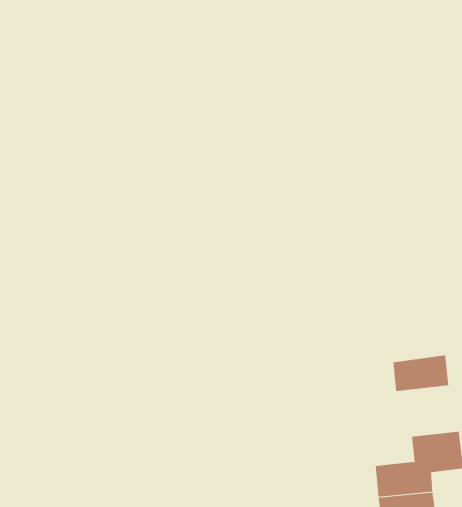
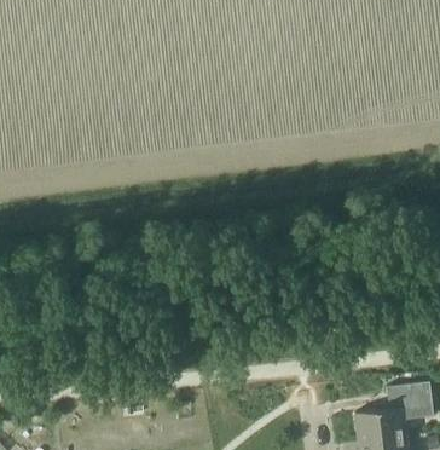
building: [393,355,449,392] -> none

